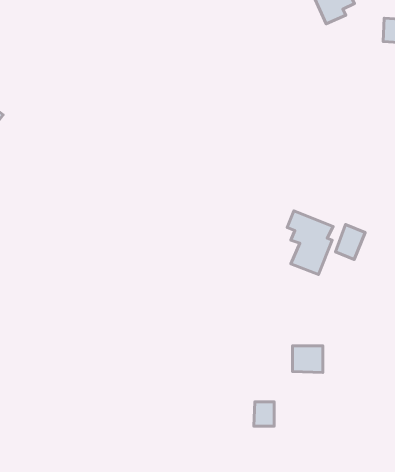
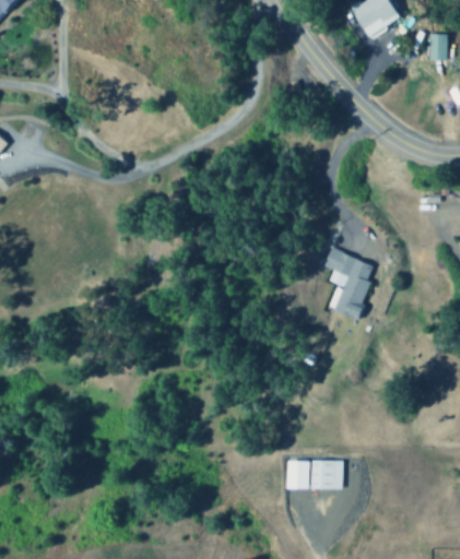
building: [335,225,365,259] -> none
building: [293,346,323,372] -> [310,461,344,490]

